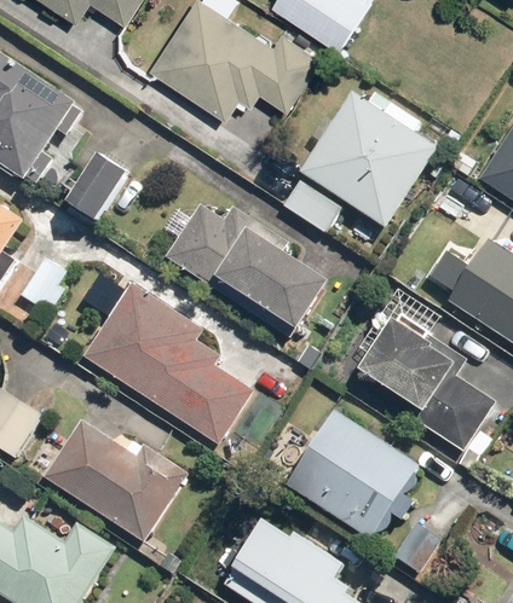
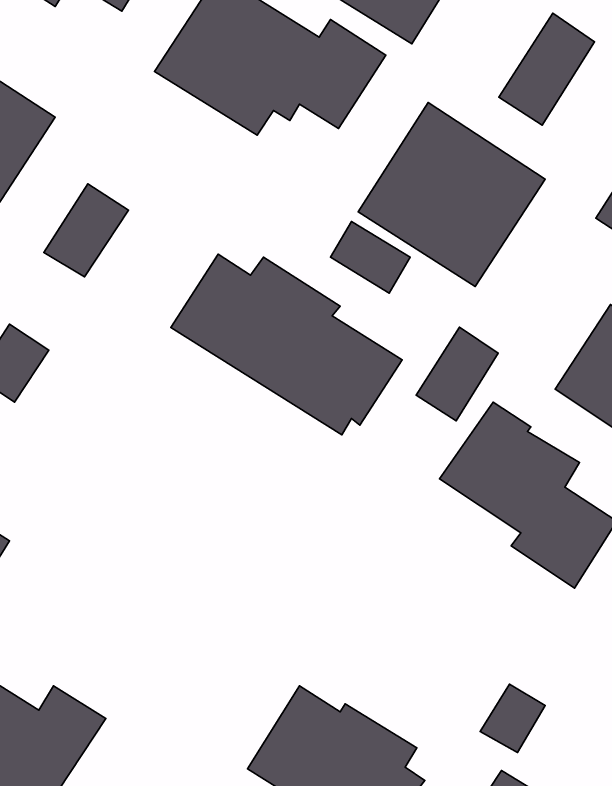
building: none -> [499,13,594,125]
building: none -> [416,327,498,421]
building: [81,283,252,443] -> none
building: [290,413,422,541] -> none
building: [42,419,186,540] -> none

